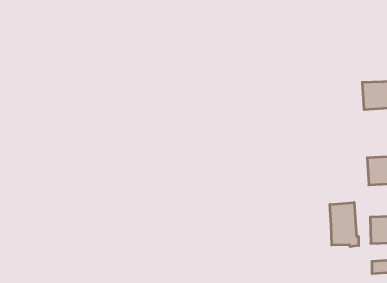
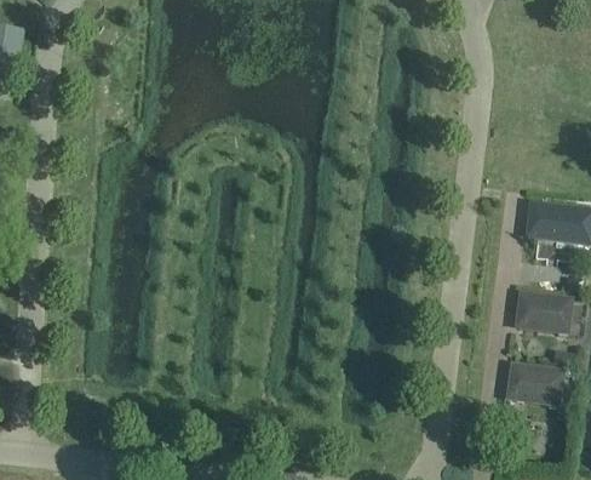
building: [330,202,359,247] -> none

